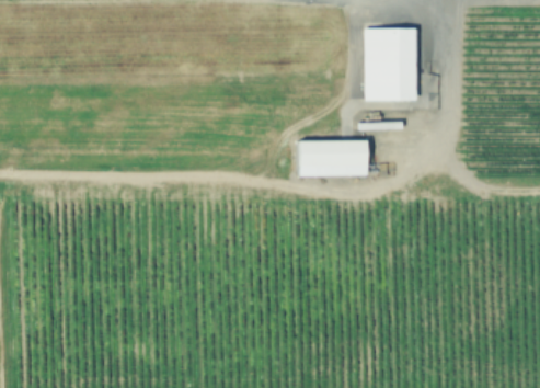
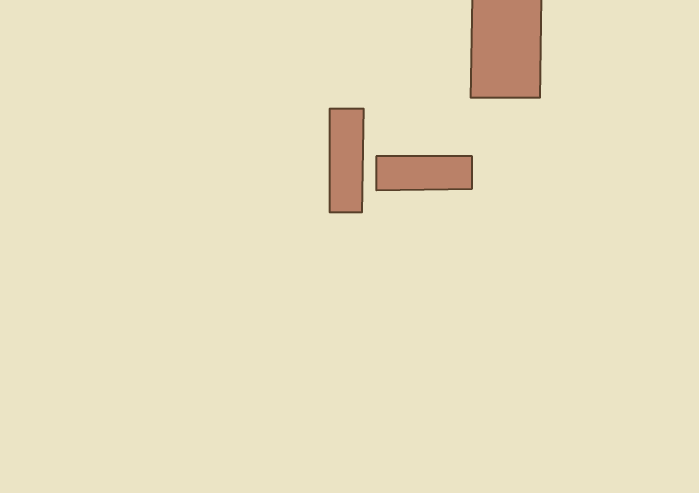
building: none -> [330,109,364,212]

